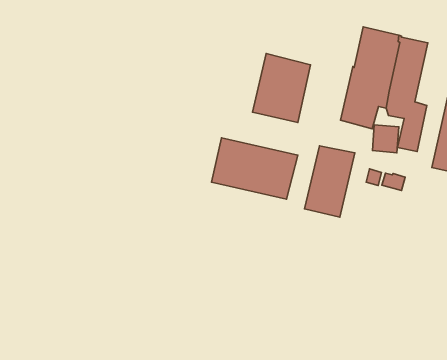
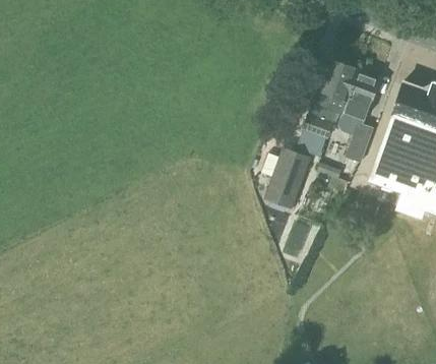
building: [253,54,310,122] -> none
building: [211,138,298,199] -> none

